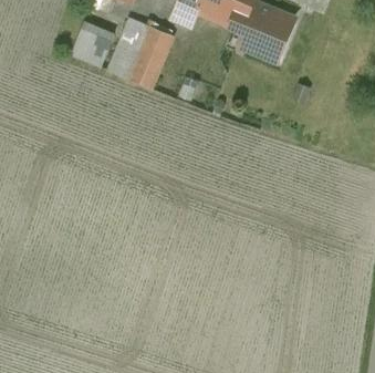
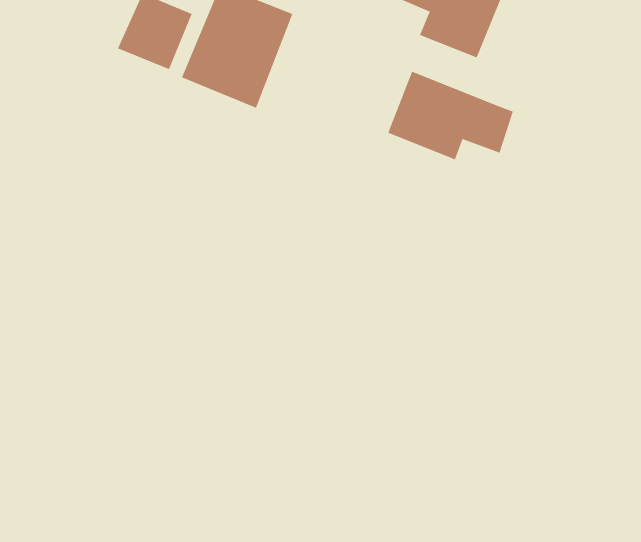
building: none -> [387,71,514,160]

